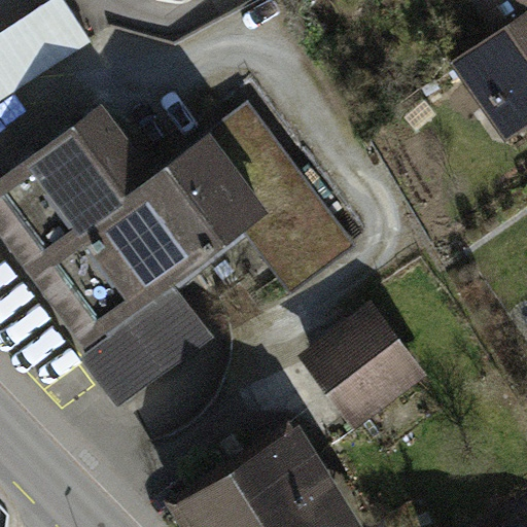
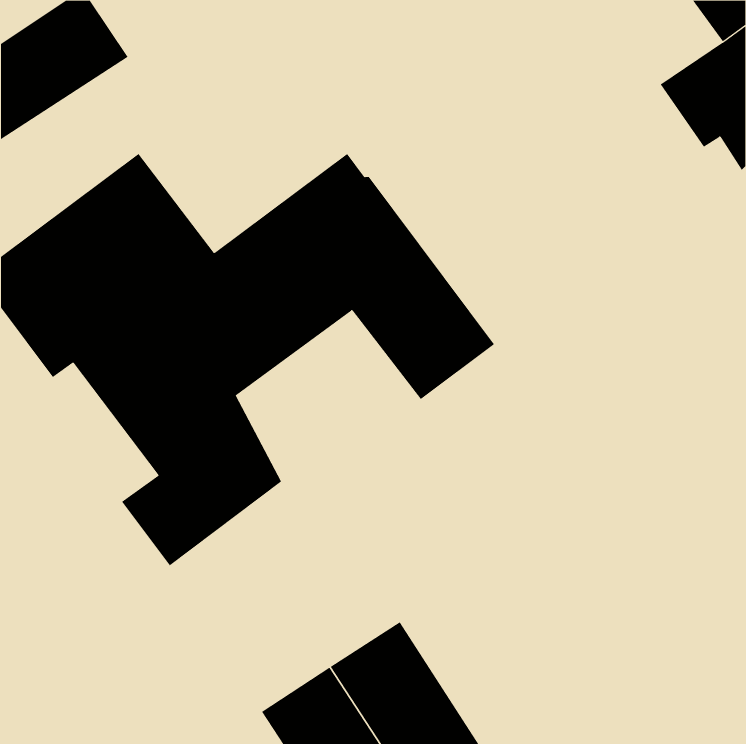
building: [315,318,411,411] -> none

